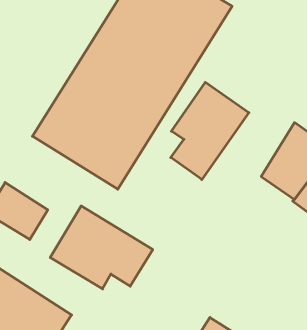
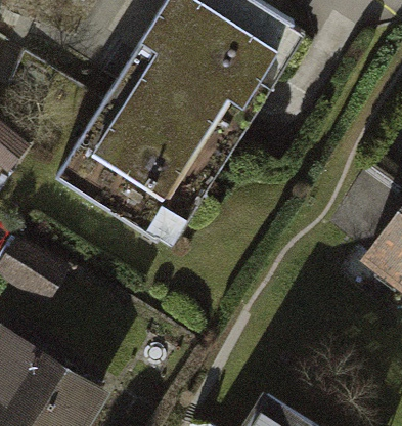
building: [171,82,249,180] -> none
building: [50,206,153,289] -> none

